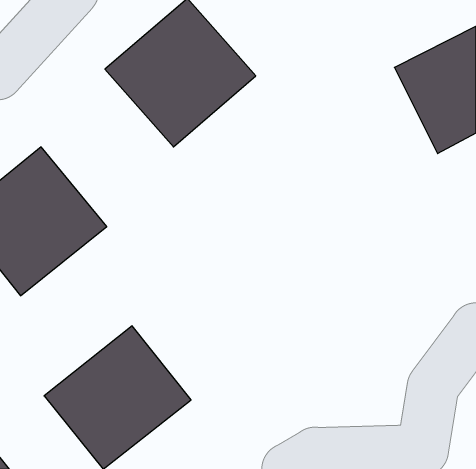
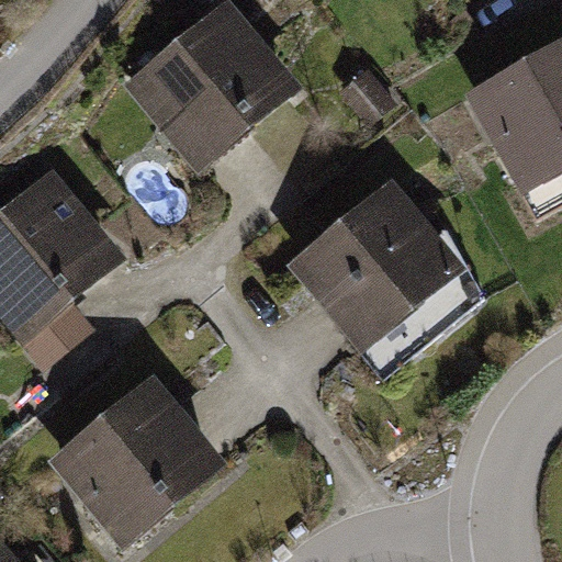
building: none -> [284,165,471,358]

